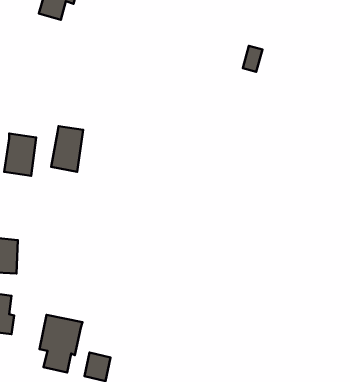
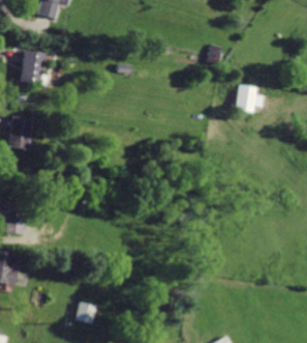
building: none -> [237,84,265,111]
building: [51,126,83,172] -> [19,48,45,86]
building: [39,315,83,372] -> none

